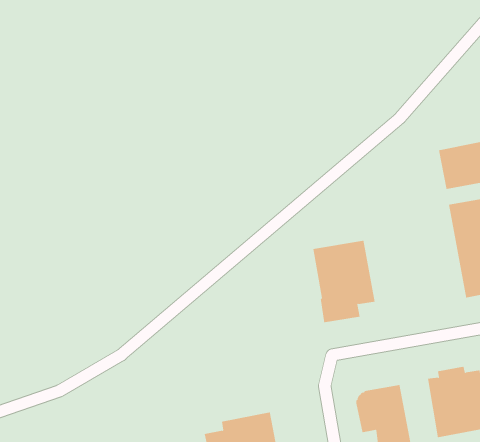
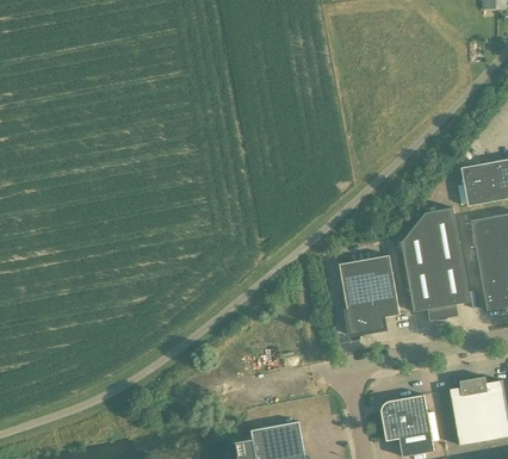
building: none -> [401,207,470,321]

